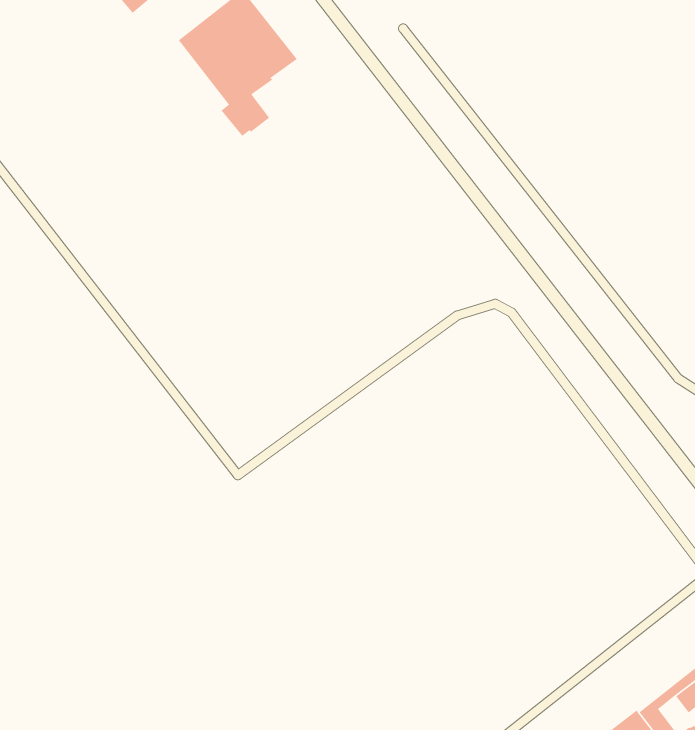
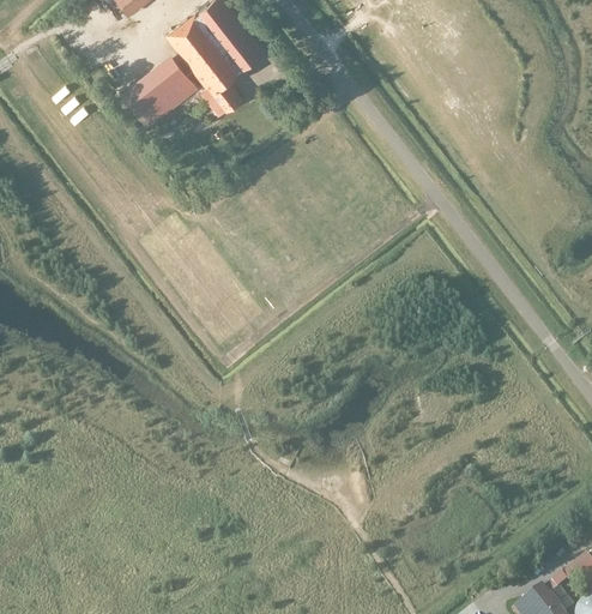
building: none -> [120,54,198,128]

